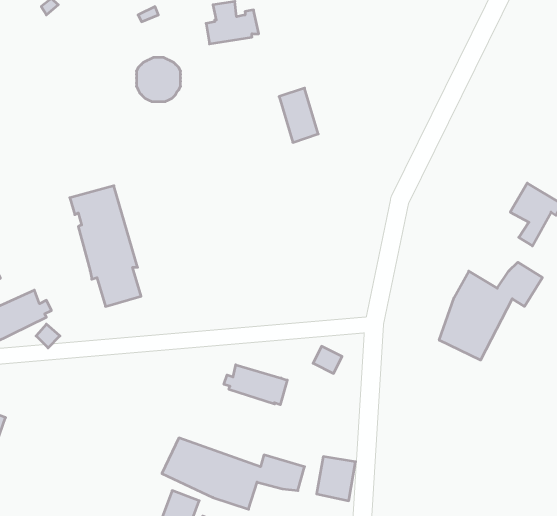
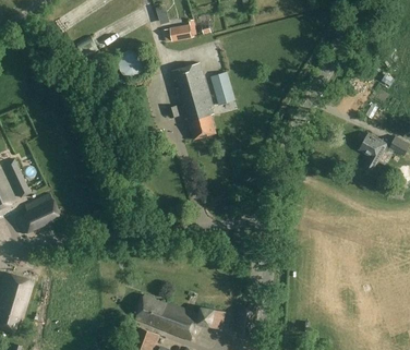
building: [70,186,141,306] -> [171,62,217,140]
building: [439,262,542,360] -> none
building: [224,365,287,405] -> none

